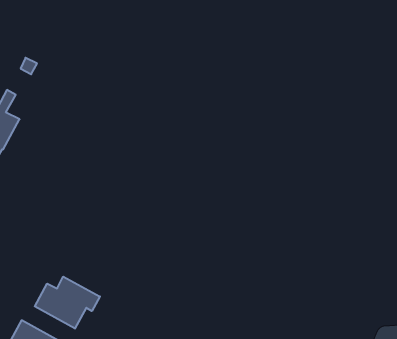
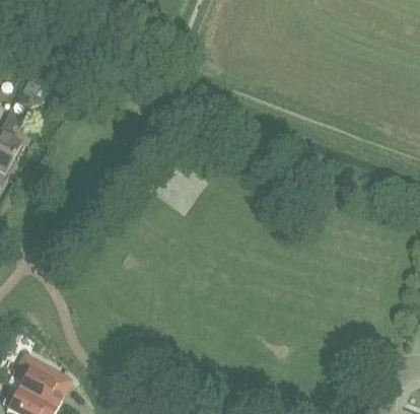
building: [35,277,100,329] -> none

